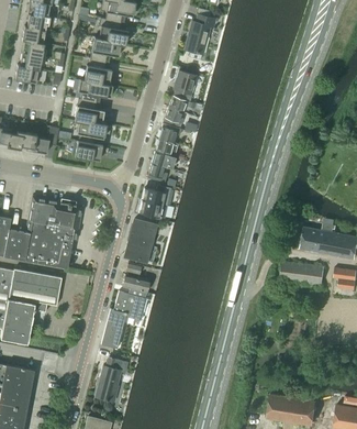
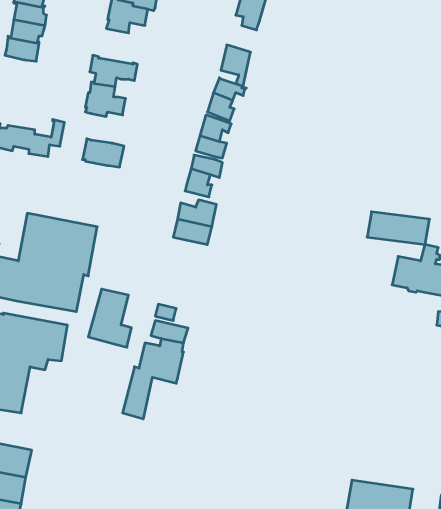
building: [83,58,111,85] -> none
building: [76,120,105,143] -> none
building: [124,219,156,262] -> [88,289,131,347]
building: [278,261,324,285] -> [367,212,430,245]
building: [94,356,126,399] -> none

